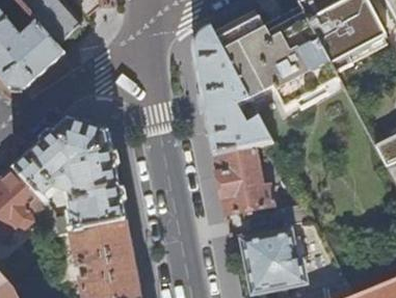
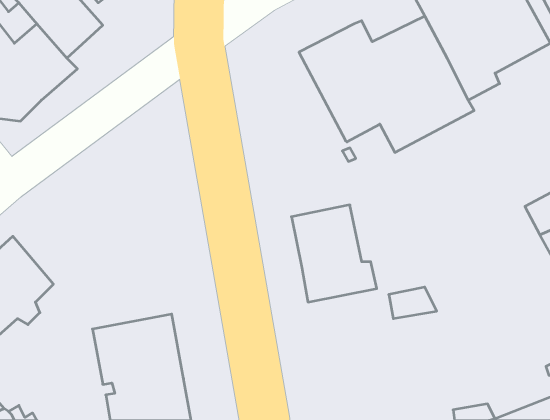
building: [191,26,271,155] -> none
building: [18,120,128,233] -> none
building: [242,232,301,291] -> none

